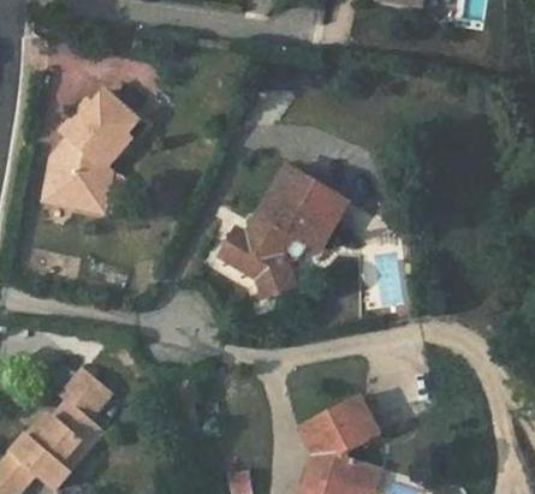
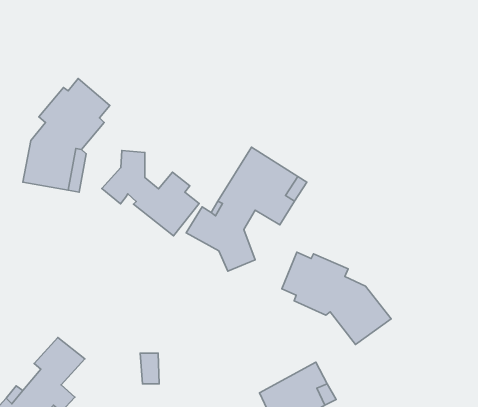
building: none -> [102,151,199,236]
building: none -> [282,252,391,345]

